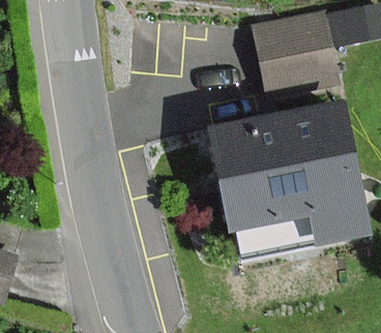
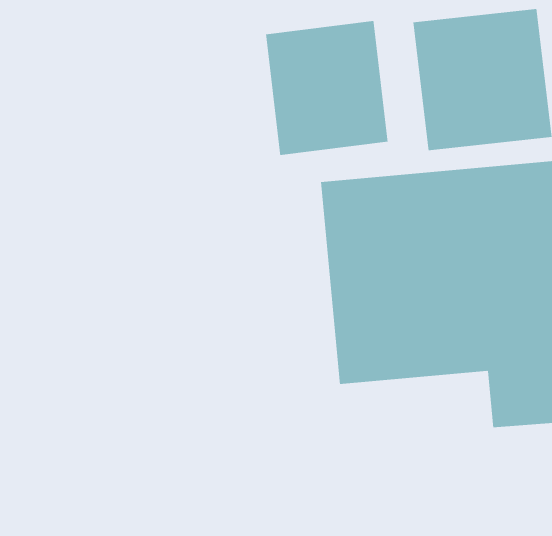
building: none -> [266,20,388,156]

